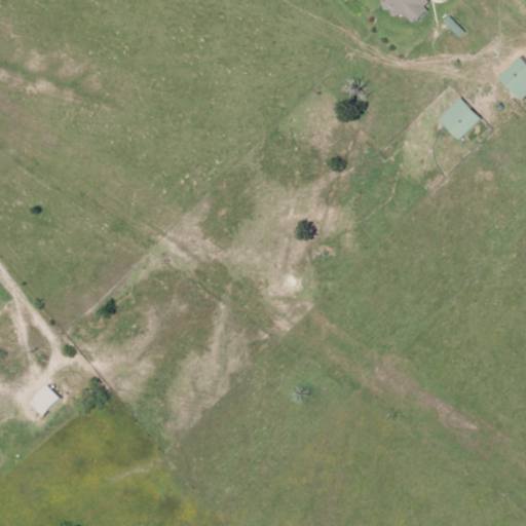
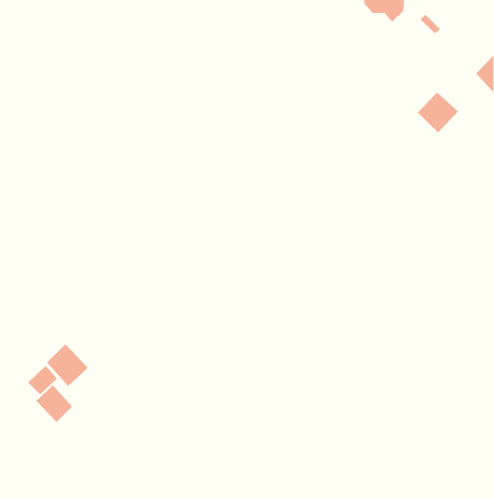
building: none -> [46,344,88,387]
building: none -> [36,385,73,423]

